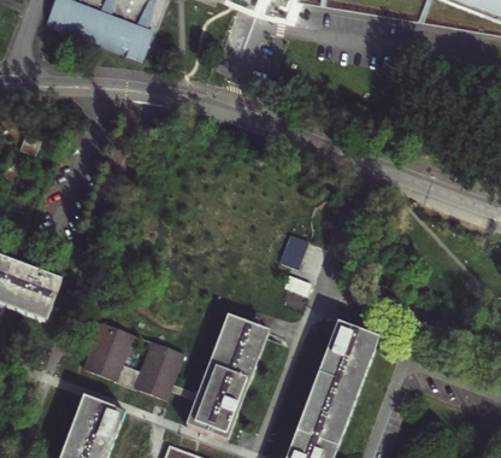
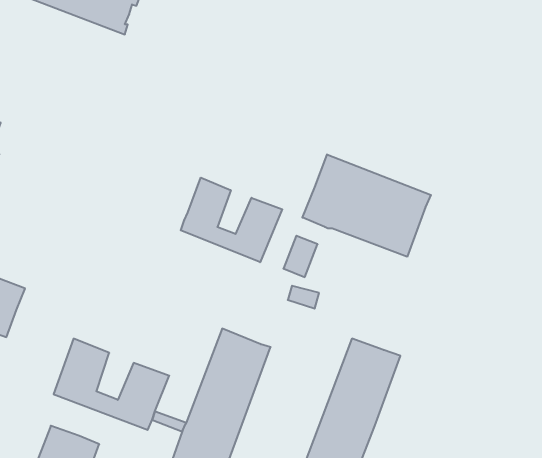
building: none -> [302,154,431,257]
building: none -> [181,178,282,262]

